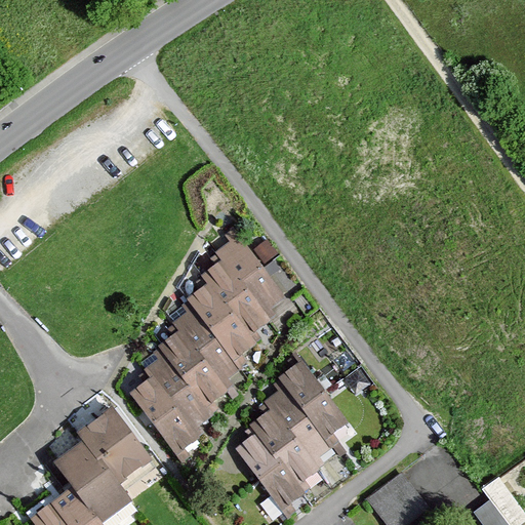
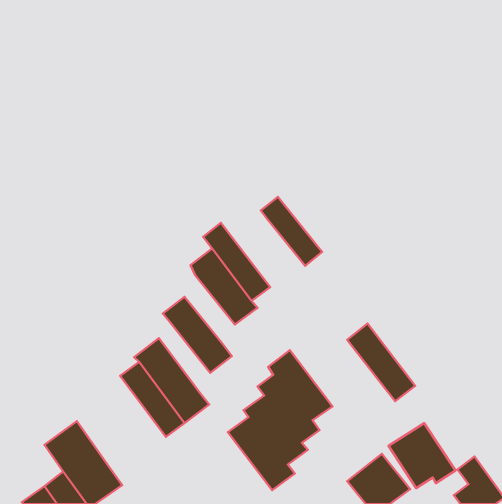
building: [188,286,251,358] -> [261,197,322,266]
building: [162,334,228,410] -> none
building: none -> [347,324,415,401]
building: [75,405,151,486] -> none

